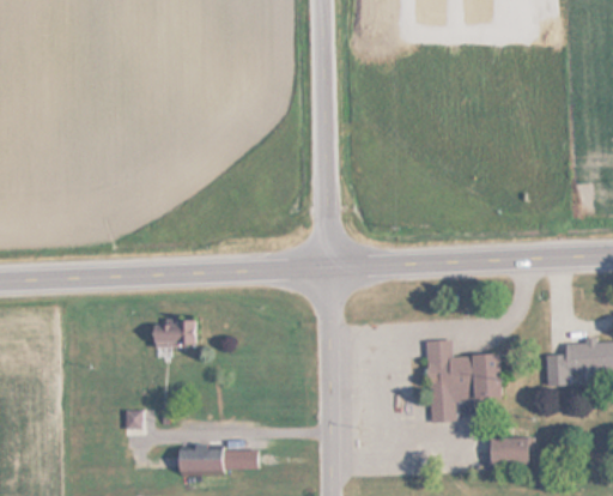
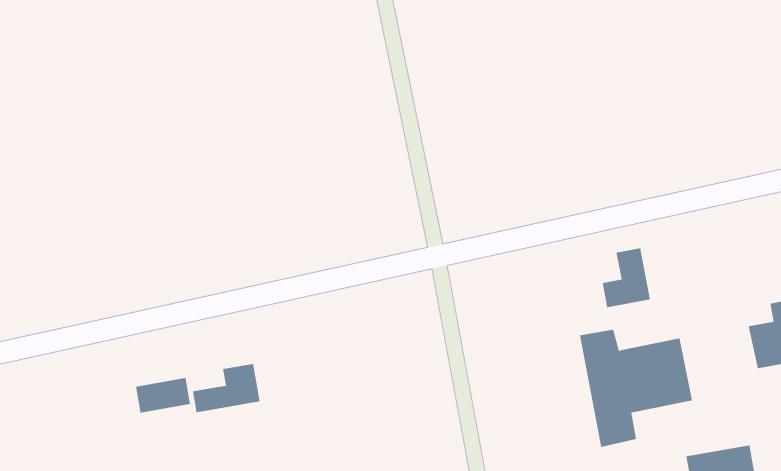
building: none -> [602,247,651,308]
building: none -> [135,377,191,413]

